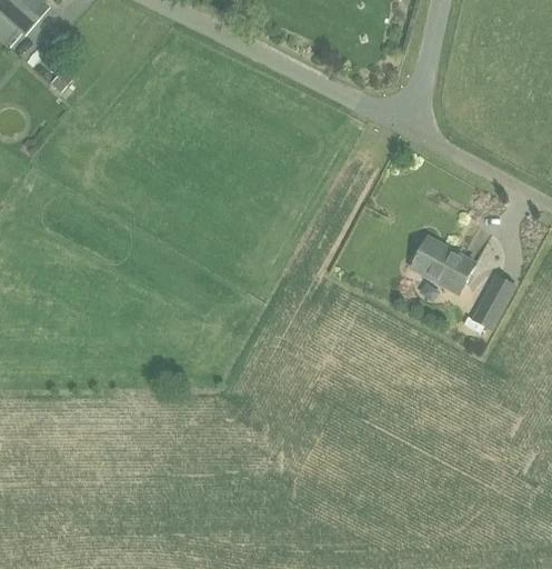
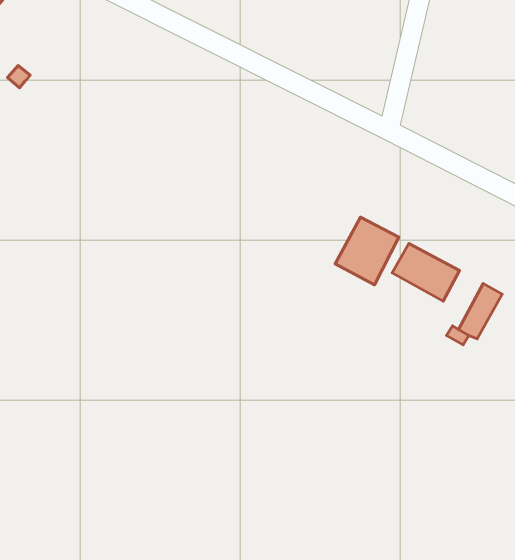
building: none -> [335,217,399,285]

